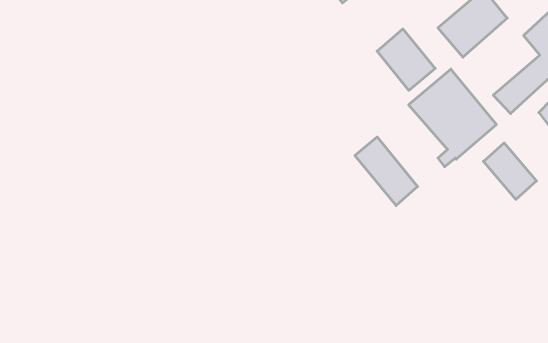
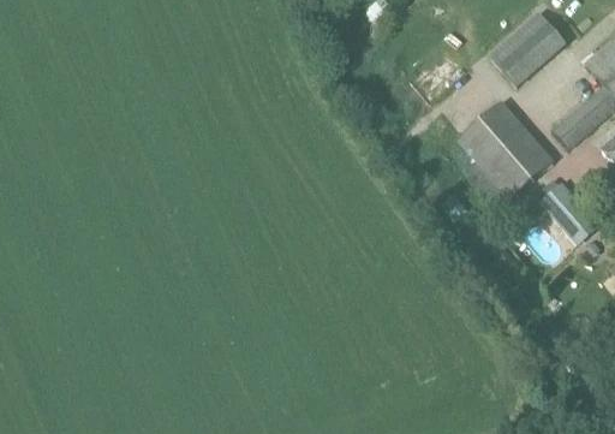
building: [377,29,435,90] -> none
building: [355,137,418,206] -> none

